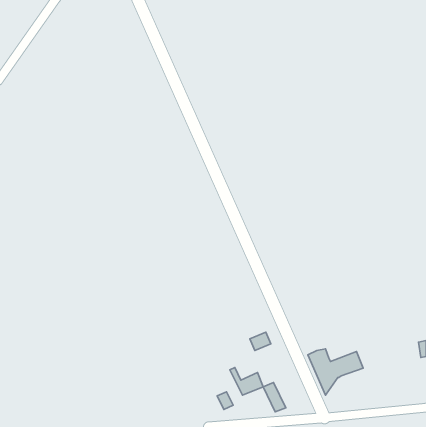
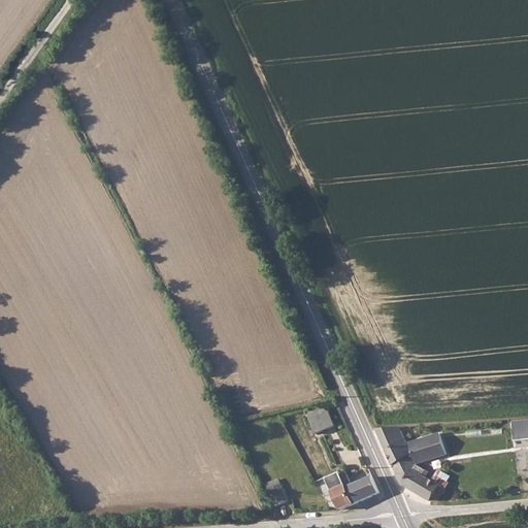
building: [230,367,263,395] -> [336,467,377,501]
building: none -> [401,464,444,500]

